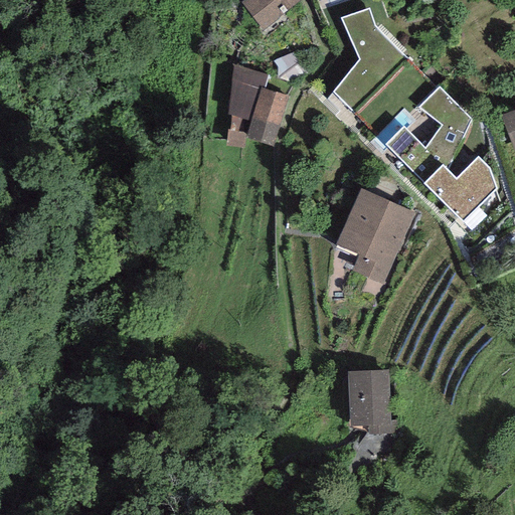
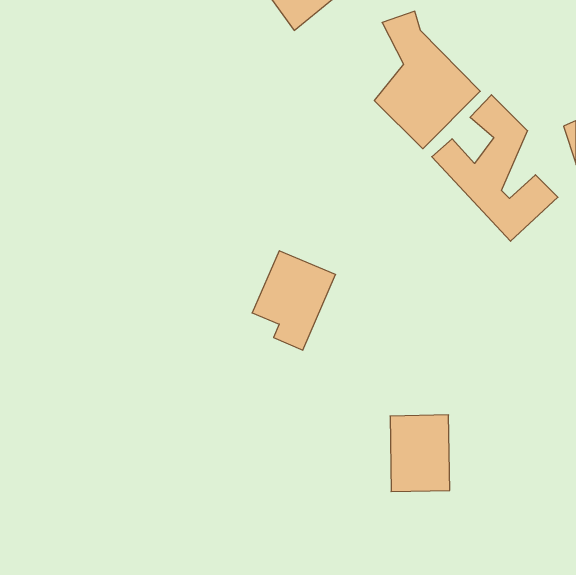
building: [226,60,289,145] -> none
building: [336,189,410,278] -> [252,251,336,350]

